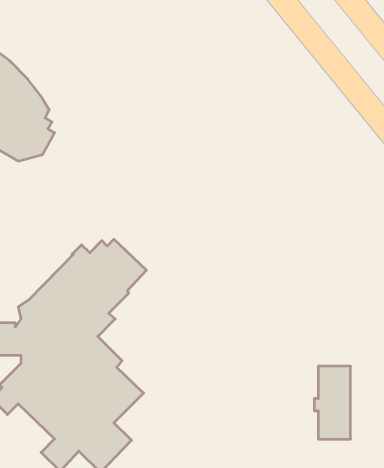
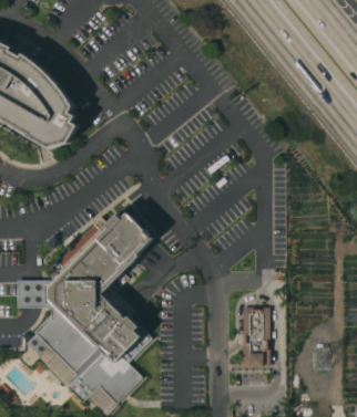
building: [314,366,351,439] -> [238,307,268,367]

